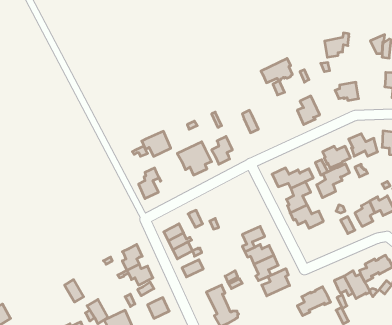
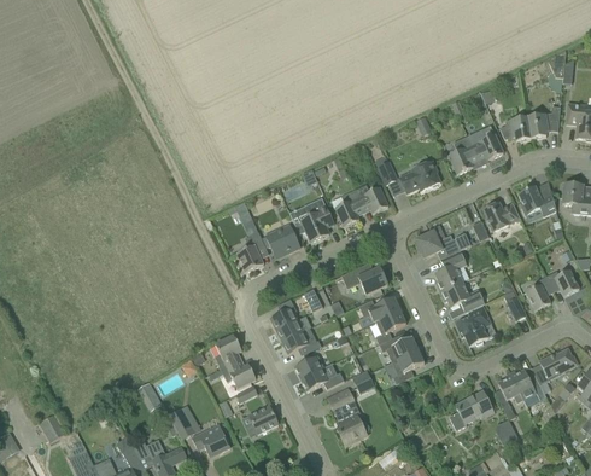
building: [325,33,349,57] -> [527,106,560,139]
building: [261,58,292,83] -> [398,161,440,193]
building: none -> [467,129,503,161]
building: [142,131,171,156] -> [261,225,299,259]
building: none -> [353,184,388,214]
building: [317,164,349,198] -> none
building: none -> [340,267,387,294]
building: none -> [358,296,399,321]
building: none -> [455,304,491,347]
building: none -> [300,364,344,391]
building: [262,269,290,296] -> none

